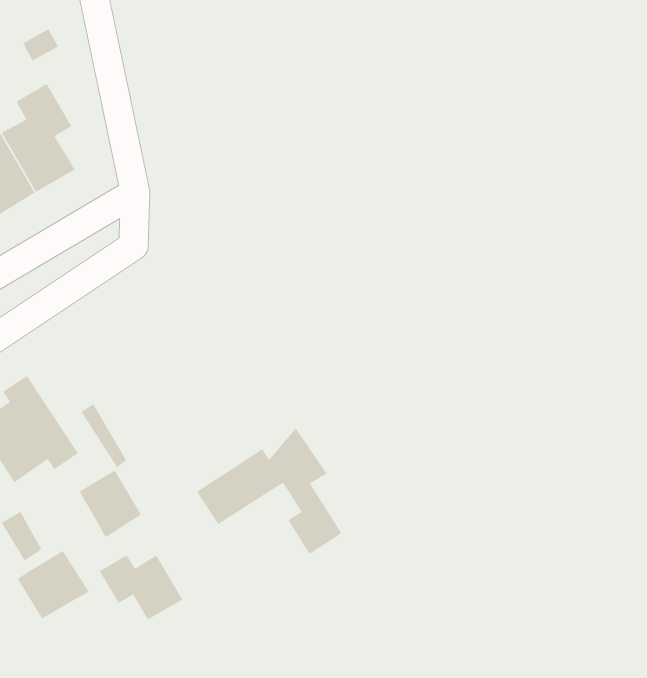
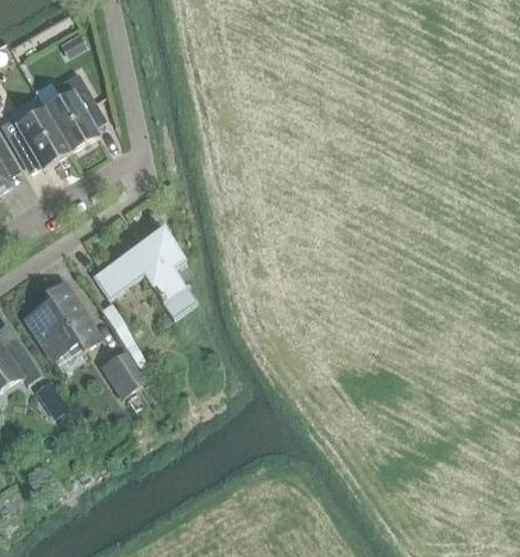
building: [196,427,342,555] -> [92,227,196,319]
building: [17,550,89,619] -> none
building: [99,554,183,621] -> none

